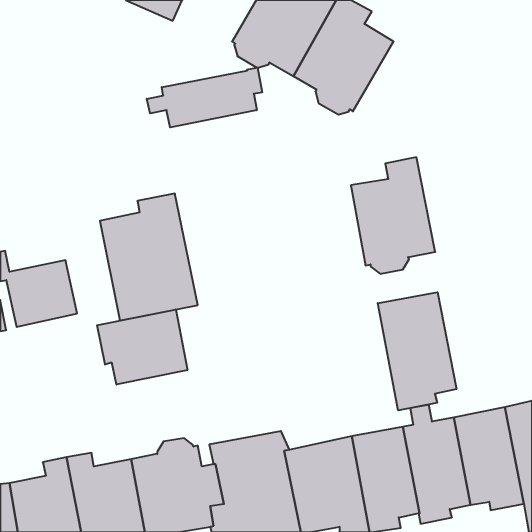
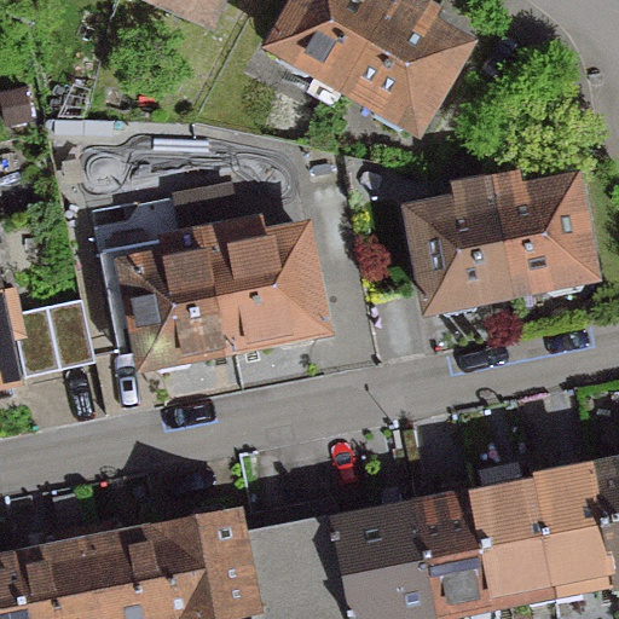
building: [147,68,262,127] -> none
building: none -> [484,175,584,297]
building: none -> [203,213,334,354]
building: [378,292,456,410] -> none
building: [97,309,187,385] -> none

